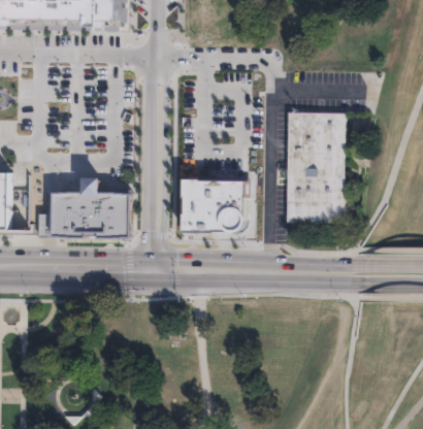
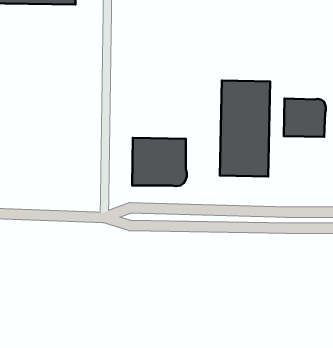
building: none -> [284,98,326,137]
building: [37,177,129,236] -> none

